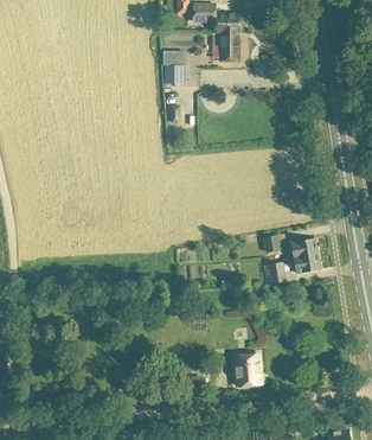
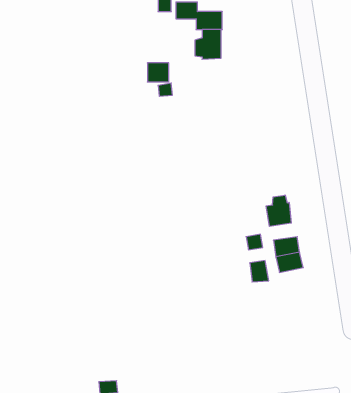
building: none -> [266,195,291,226]
building: [233,353,261,385] -> none

